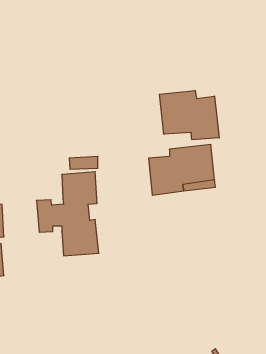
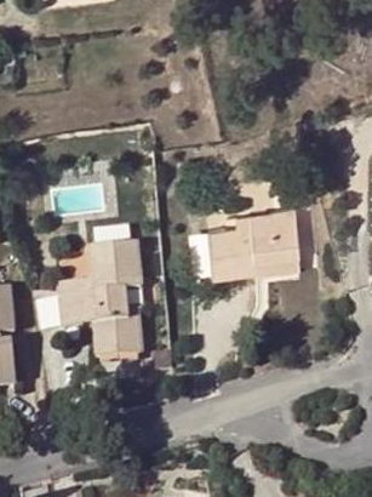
building: [159,90,219,140] -> none

